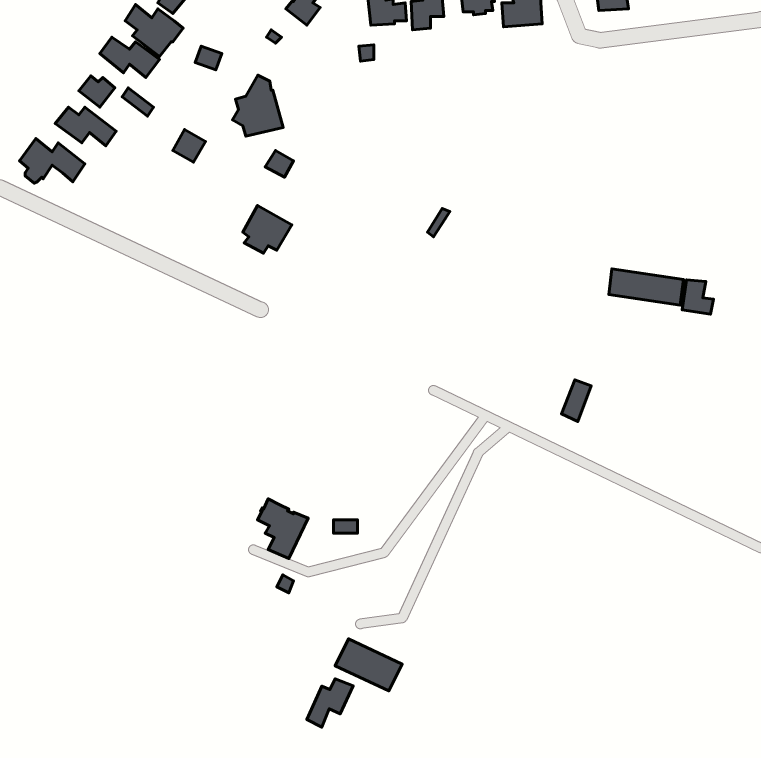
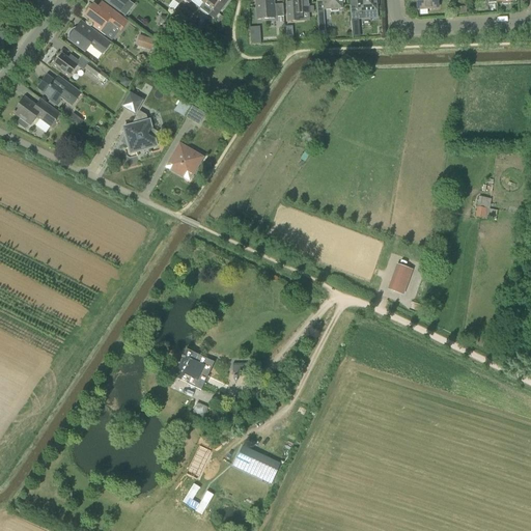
building: [232,75,283,136] -> [121,110,157,152]
building: [609,269,683,305] -> none
building: [307,679,353,727] -> none

